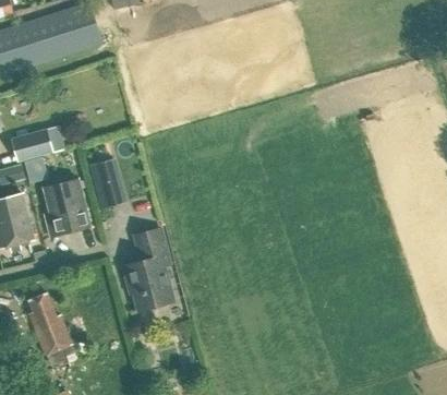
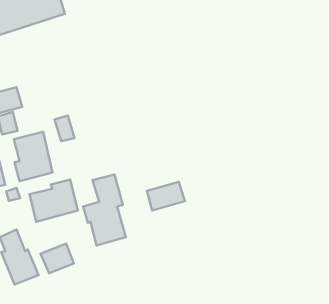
building: none -> [30,180,78,222]
building: none -> [147,182,185,211]
building: none -> [41,243,74,273]

